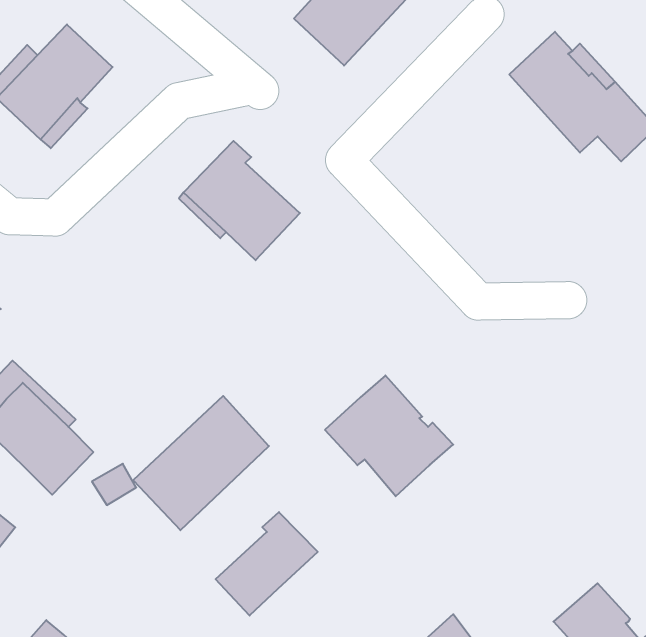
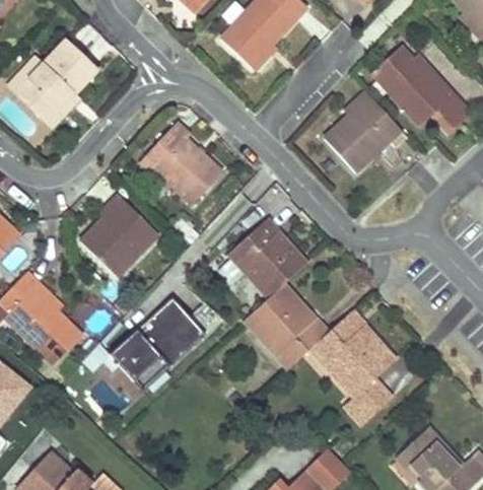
building: none -> [322,91,406,173]
building: none -> [81,198,159,276]
building: none -> [230,217,306,297]
building: none -> [314,309,393,423]
building: [216,512,318,616] -> none

